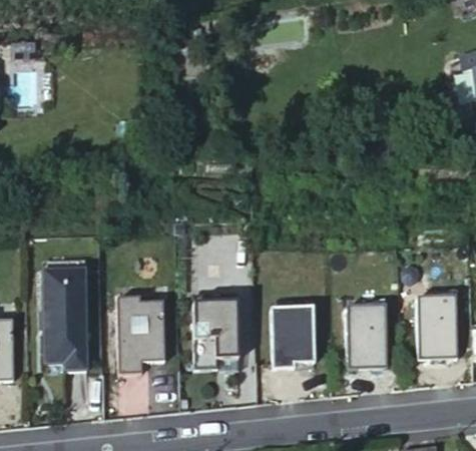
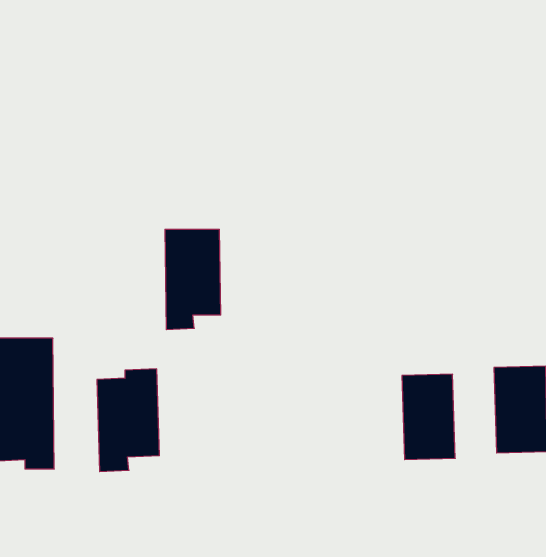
building: [195,291,237,366] -> [165,229,221,330]
building: [271,306,316,366] -> none

